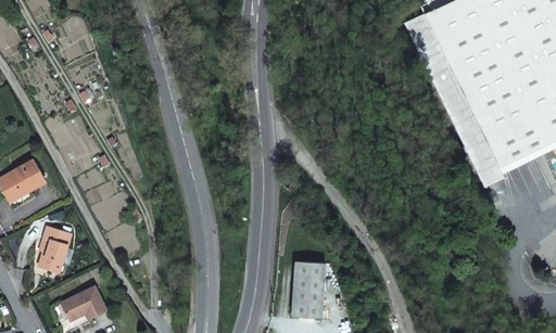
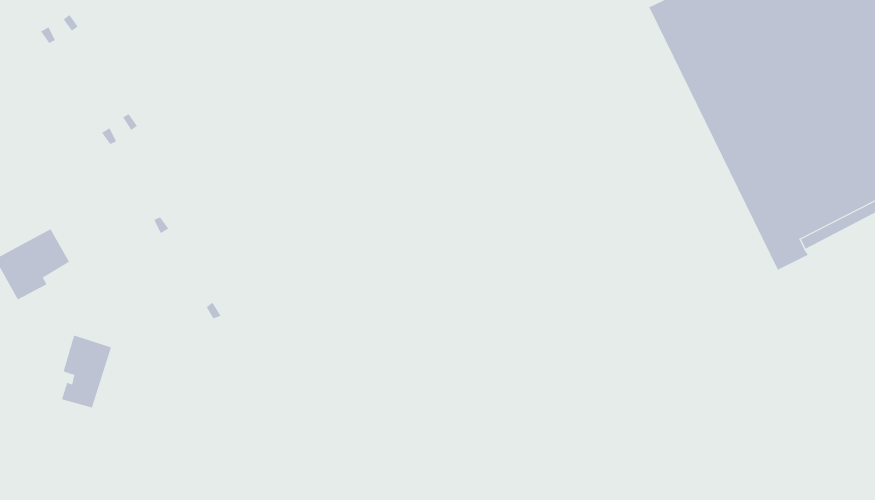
building: [292,262,325,318] -> none
building: [61,286,106,321] -> none

